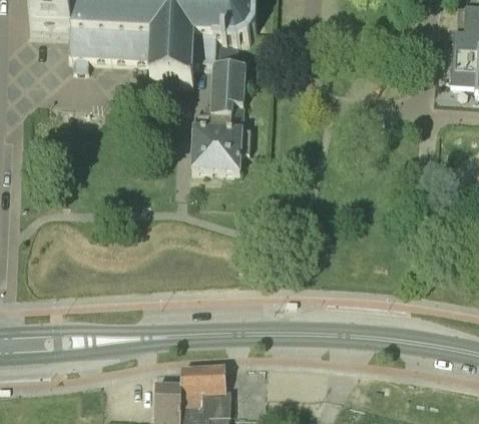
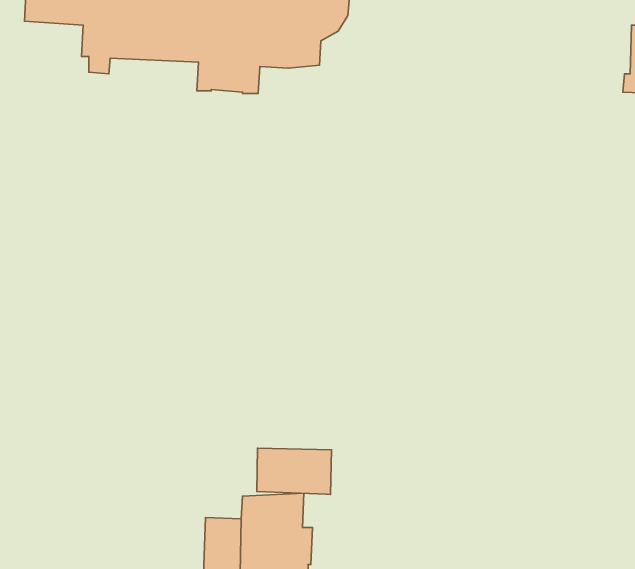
building: [190,63,250,171] -> none
building: none -> [257,448,331,495]

